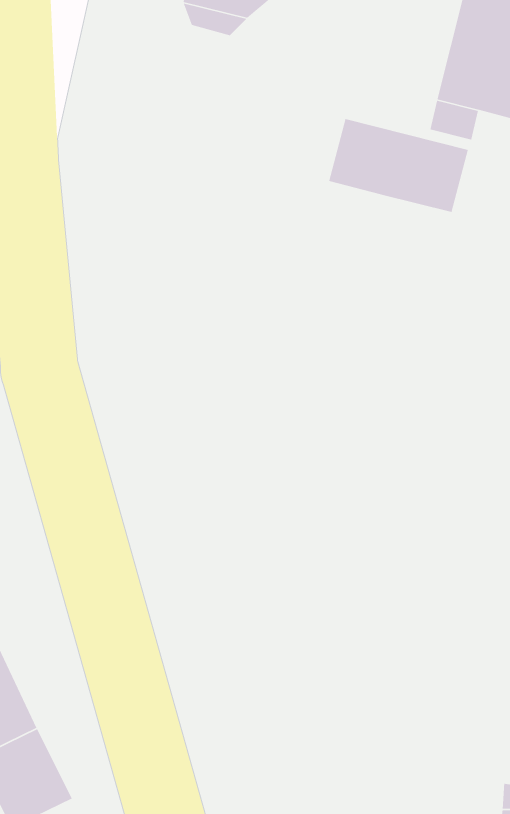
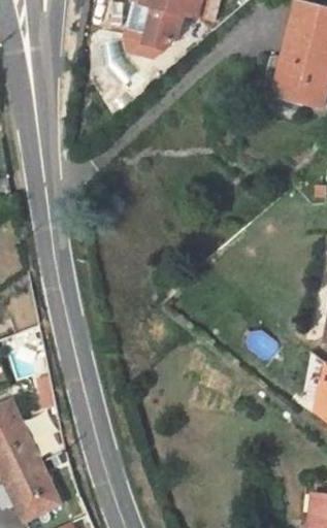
building: [328,118,469,213] -> none

